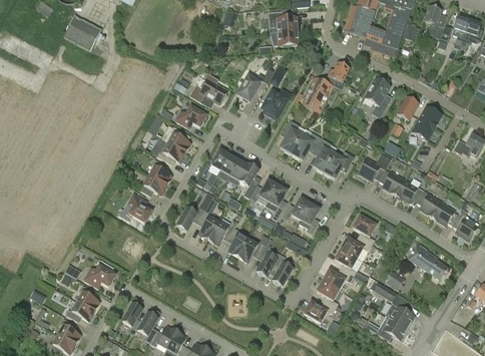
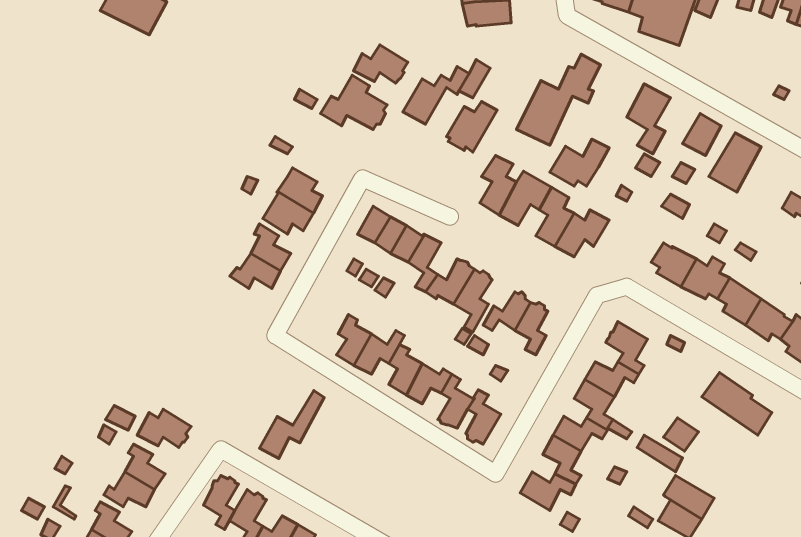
building: [175,105,206,127] -> [353,45,408,83]
building: [358,153,392,181] -> [550,139,609,186]
building: [176,192,213,231] -> [260,390,324,459]
building: [128,194,152,223] -> none

